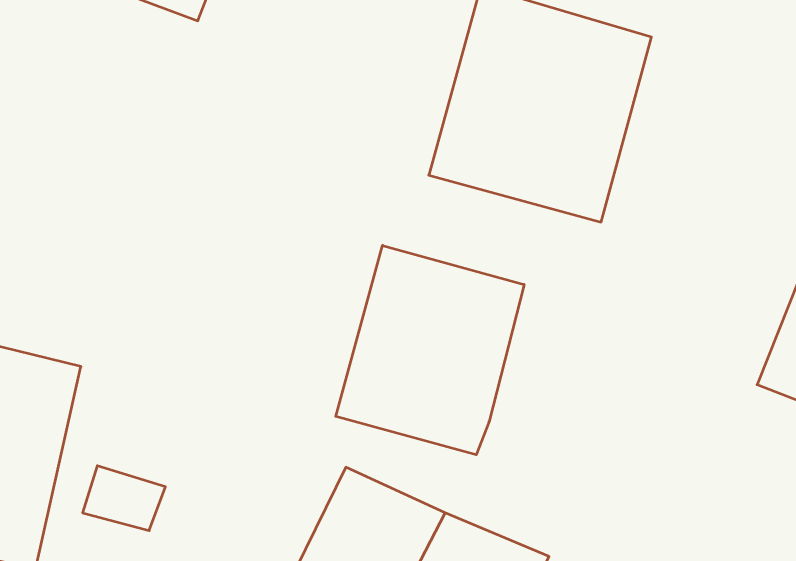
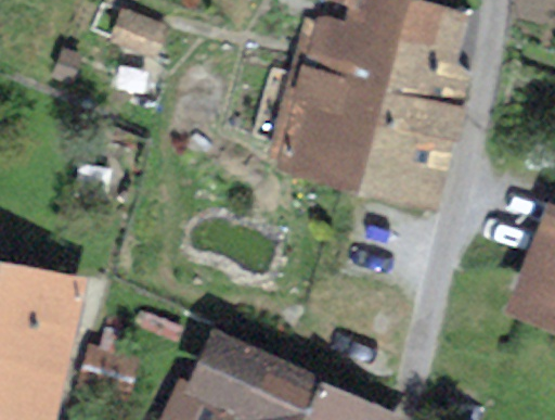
building: [336,245,524,455] -> none

